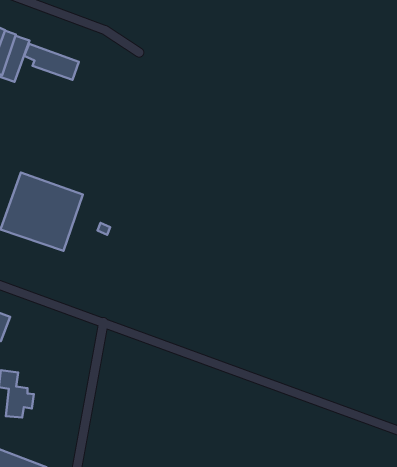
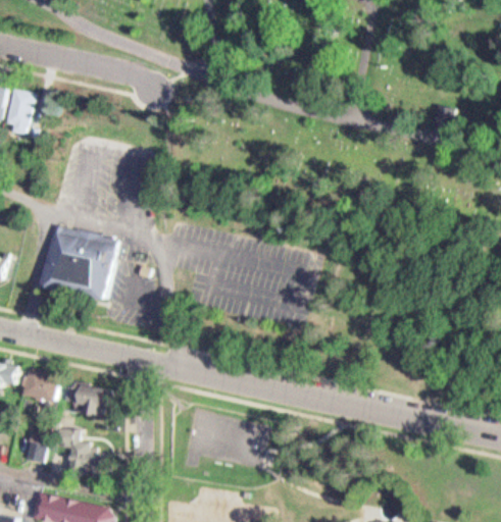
building: [24,44,79,80] -> none
building: none -> [64,379,105,414]

